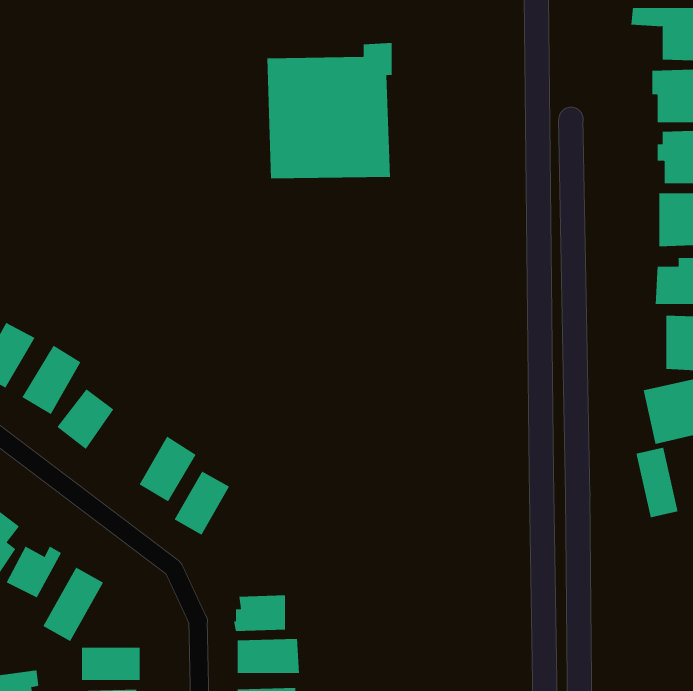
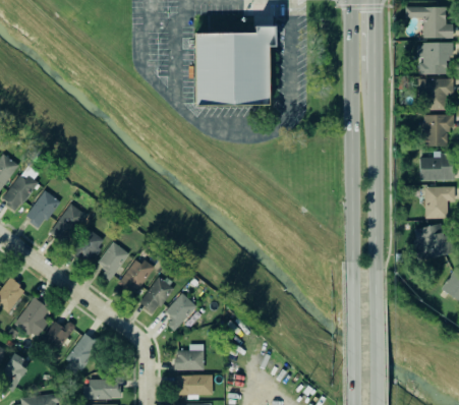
building: none -> [100,240,130,280]
building: [636,447,678,518] -> none
building: none -> [167,291,198,330]

